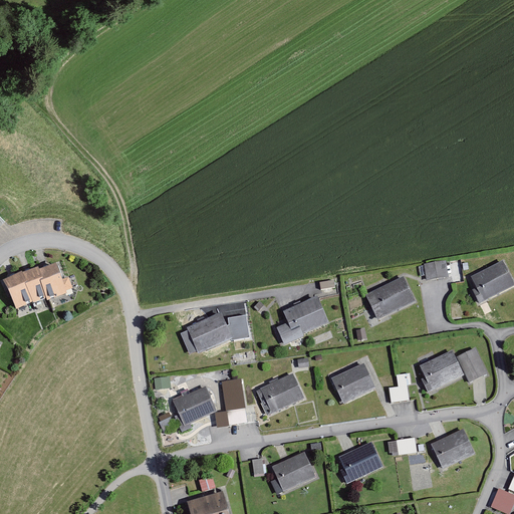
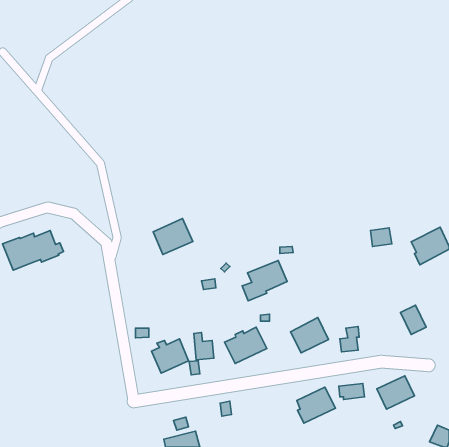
building: [365,277,415,318] -> none
building: [187,312,232,353] -> [153,219,193,255]
building: [420,350,463,391] -> none
building: [268,452,315,495] -> none

